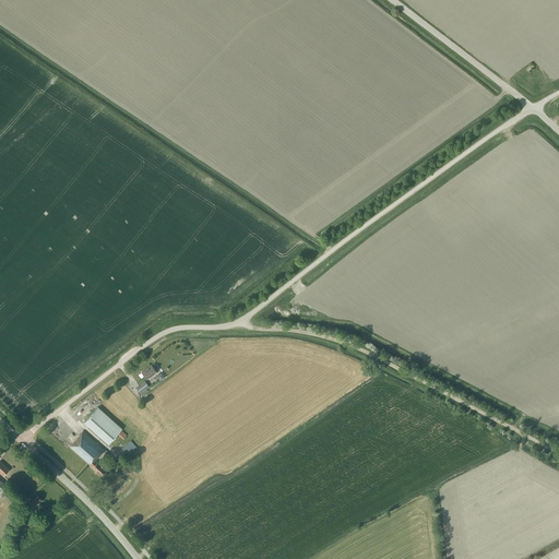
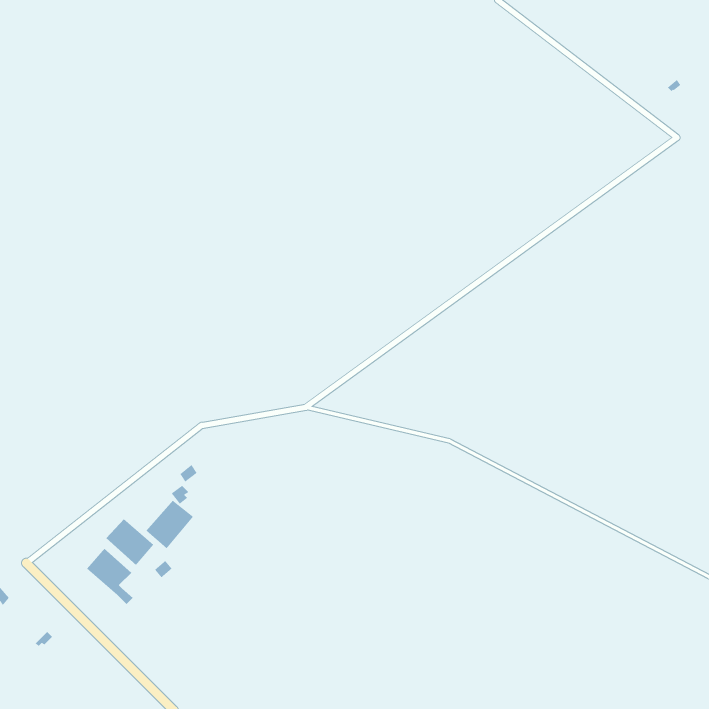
building: none -> [146,500,194,549]

